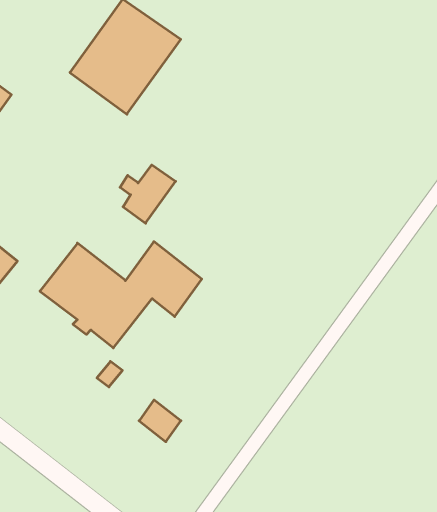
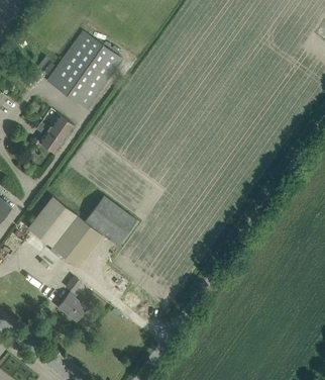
building: [120,165,176,223] -> [37,114,75,154]
building: [139,400,181,442] -> [59,293,87,321]

